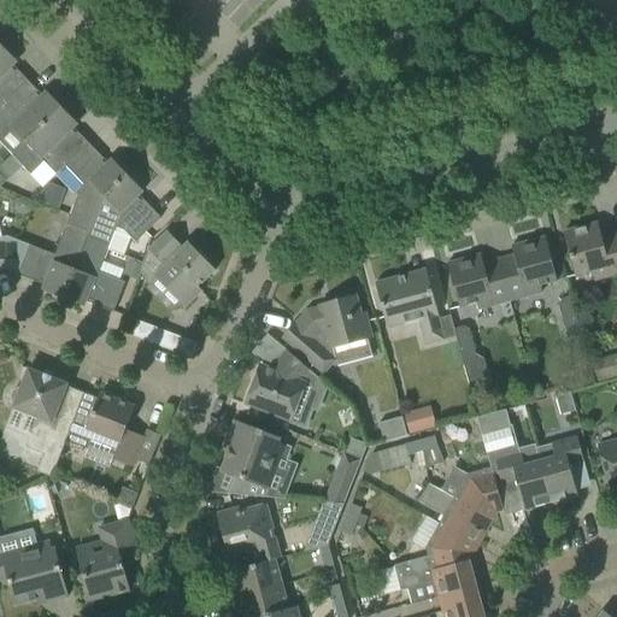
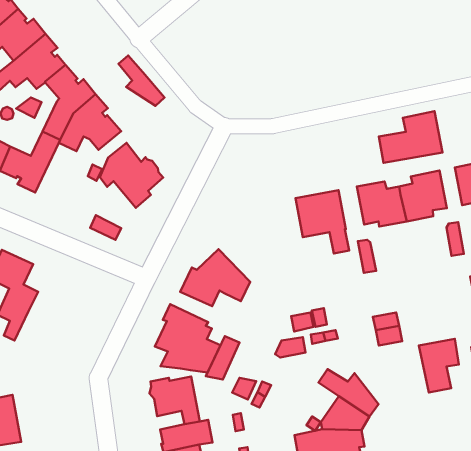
building: none -> [119,55,165,106]
building: none -> [379,111,443,163]
building: [63,235,124,311] -> none
building: [282,292,371,371] -> none
building: [65,392,145,465] -> none
building: [494,442,551,509] -> none
building: [323,451,360,503] -> [206,336,239,380]
building: [460,465,503,519] -> none
building: [78,518,137,599] -> none

